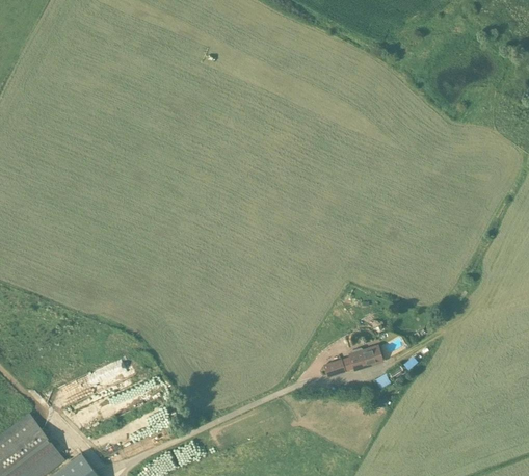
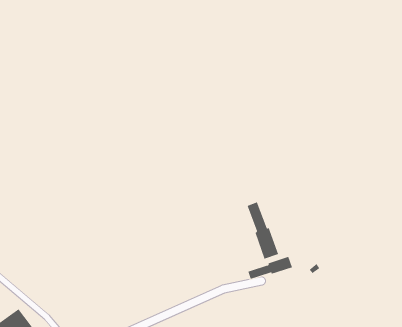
building: none -> [247,202,279,259]

